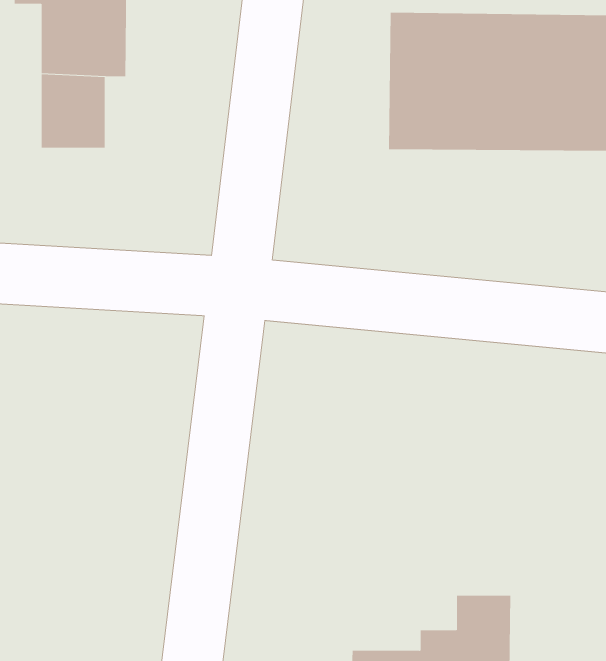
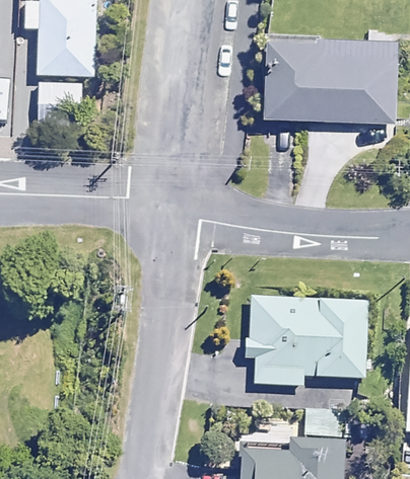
building: none -> [248,294,368,384]

